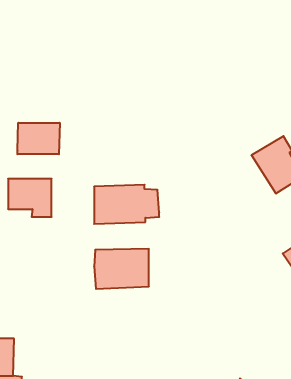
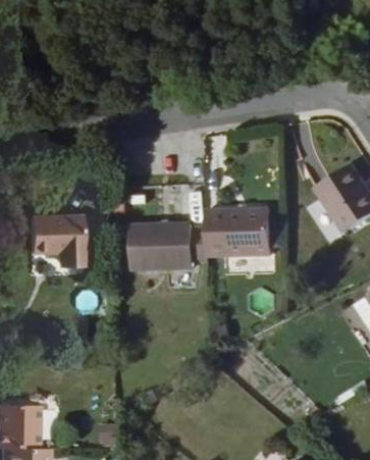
building: [17,123,60,154] -> none
building: [94,249,149,289] -> [207,209,271,256]

